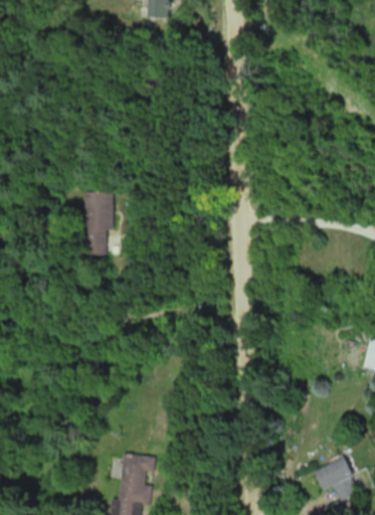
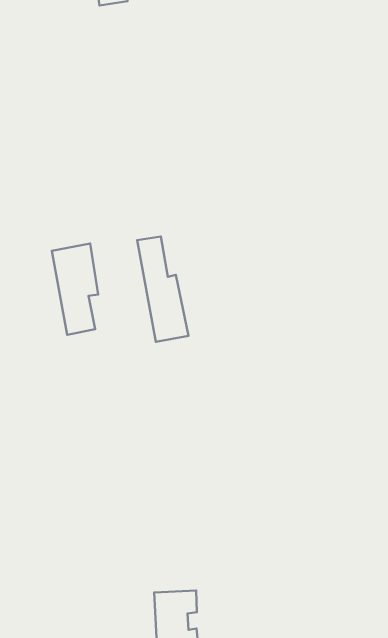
building: none -> [137,236,188,342]

